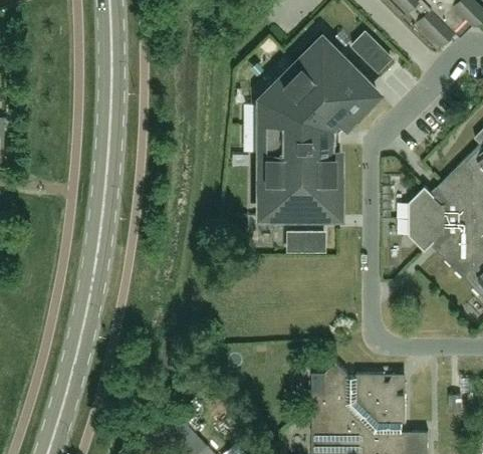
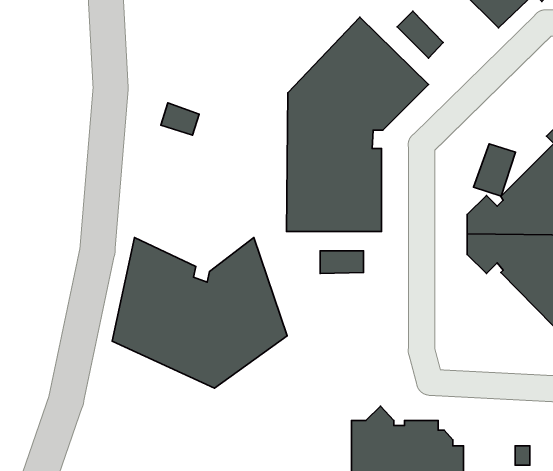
building: none -> [161,103,199,135]
building: none -> [474,144,515,196]
building: none -> [112,238,287,388]

